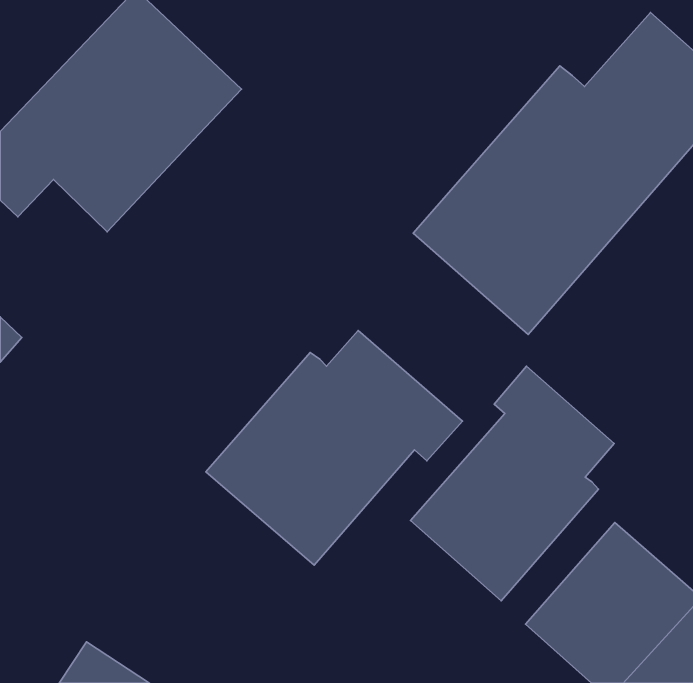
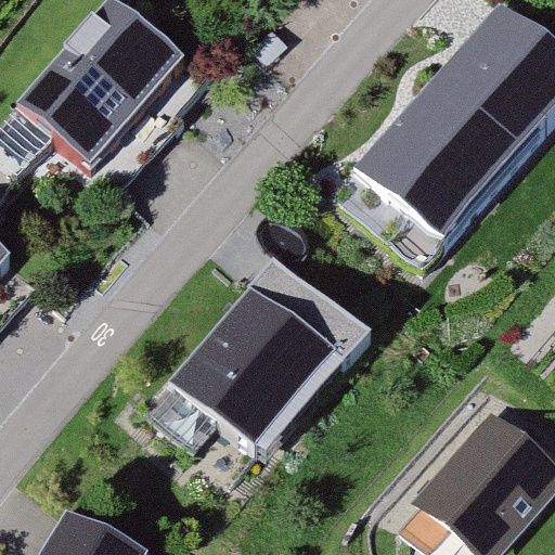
building: [411,366,614,601] -> none

